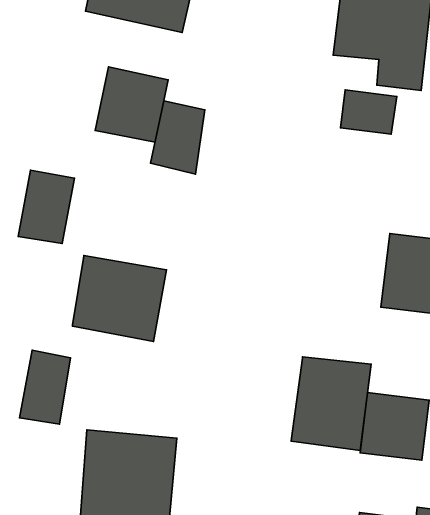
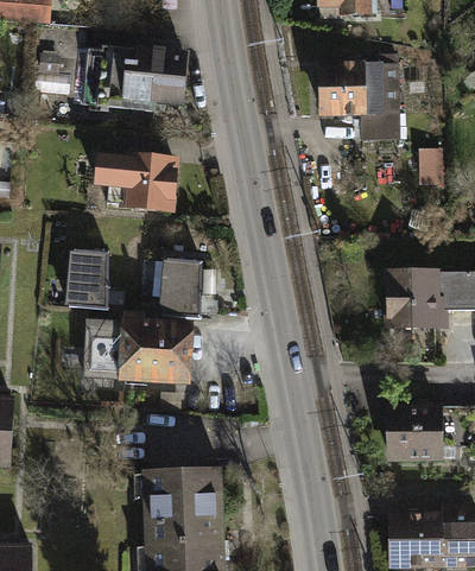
building: [340,90,397,134] -> none
building: [151,101,205,174] -> [154,258,196,318]
building: [20,350,71,424] -> [83,317,121,379]
building: [291,357,371,451] -> none

